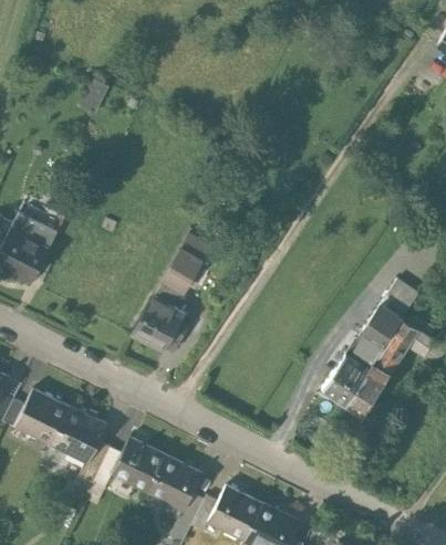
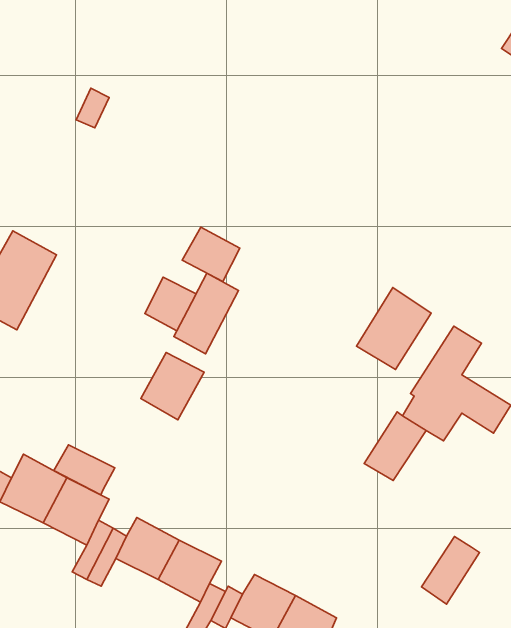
building: none -> [182,227,240,281]
building: none -> [145,277,196,331]
building: none -> [357,288,431,370]
building: [344,366,393,422] -> [421,537,479,604]
building: none -> [54,445,115,495]

